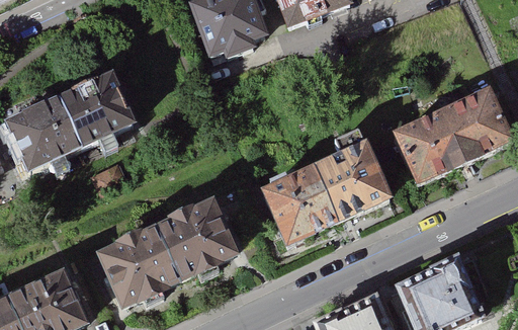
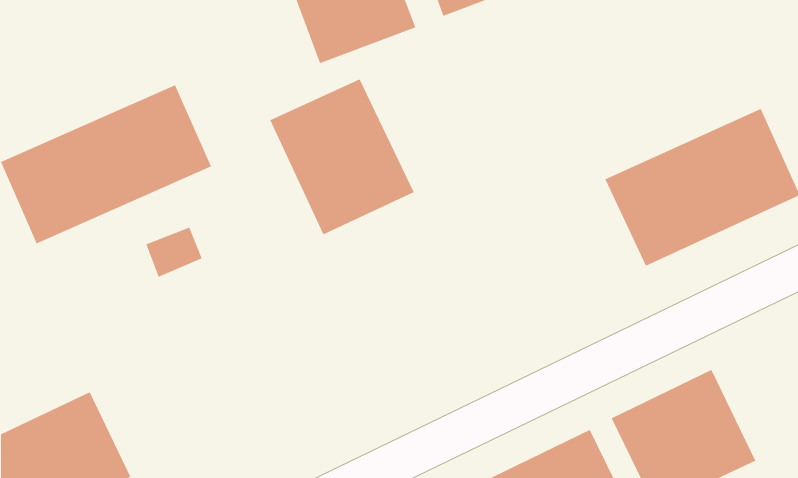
building: none -> [269,78,415,235]
building: [259,141,392,246] -> none
building: [94,197,238,311] -> none

